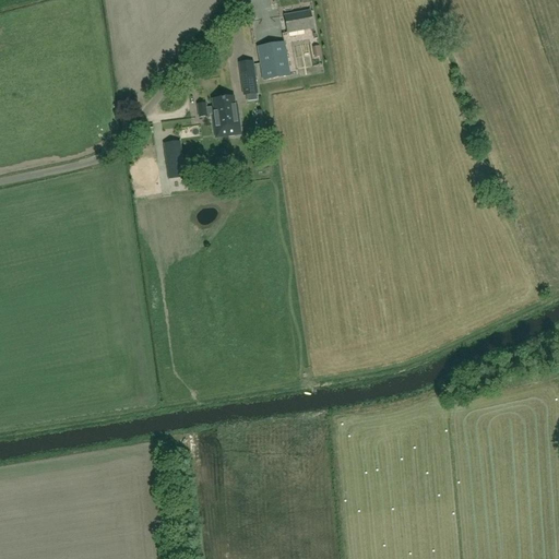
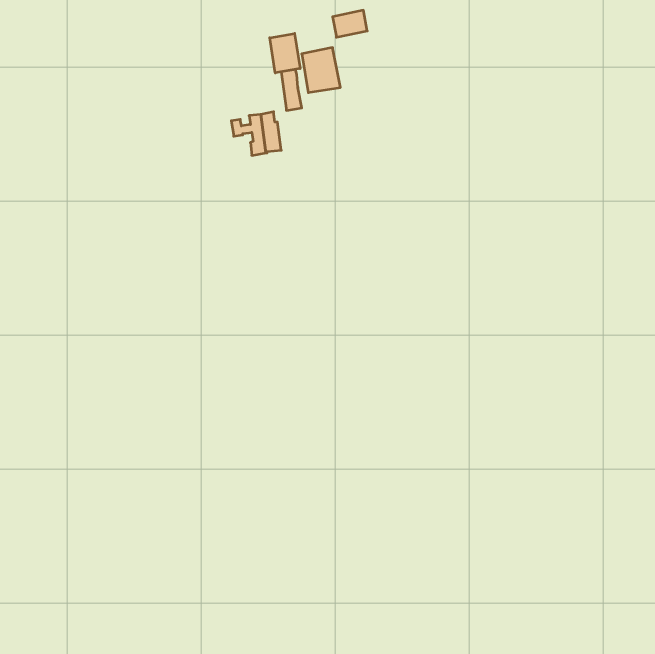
building: none -> [270,33,300,73]
building: [162,139,183,174] -> none

